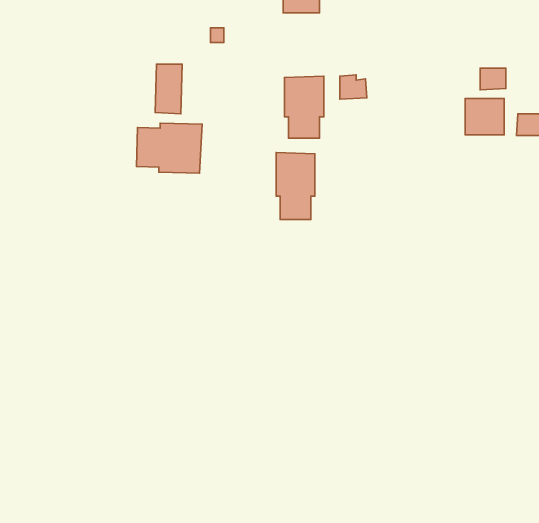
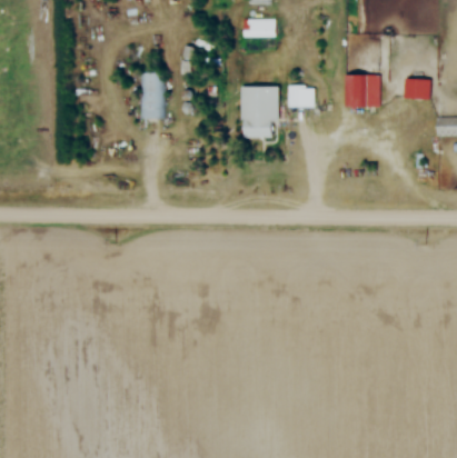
building: [465,98,504,135] -> [348,77,380,107]
building: [137,123,202,173] -> none
building: [276,152,315,220] -> none

